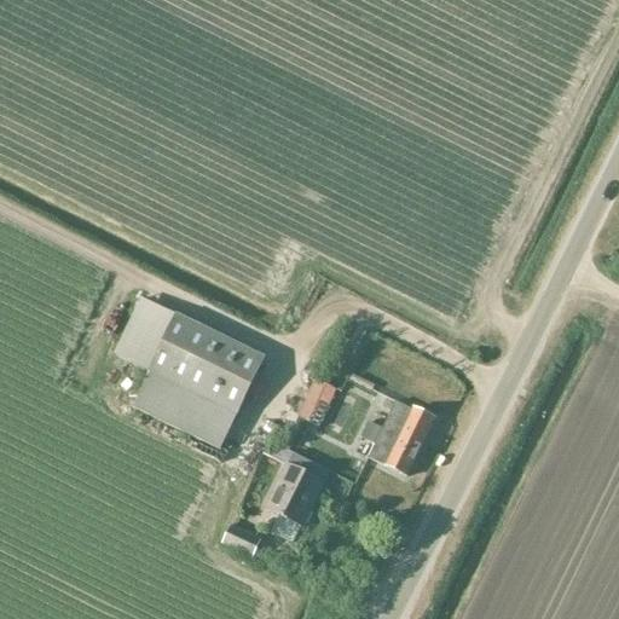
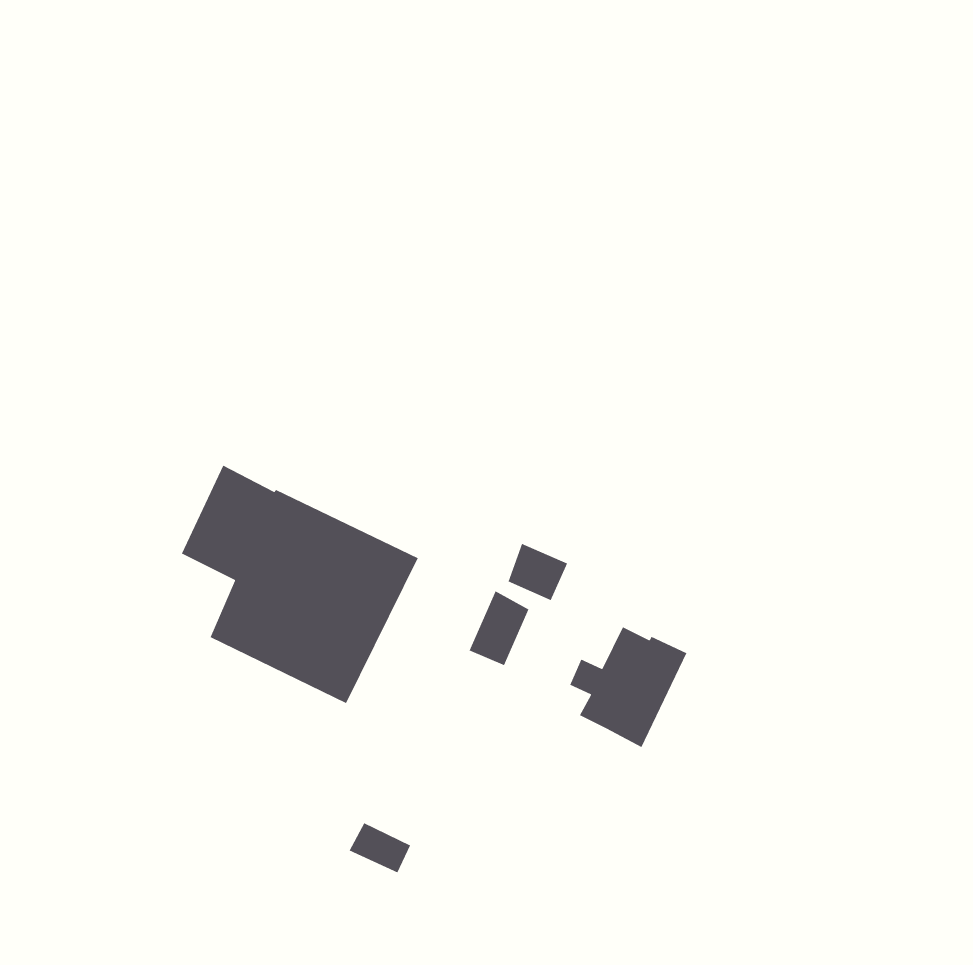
building: none -> [507,543,568,601]
building: [264,462,324,525] -> none

